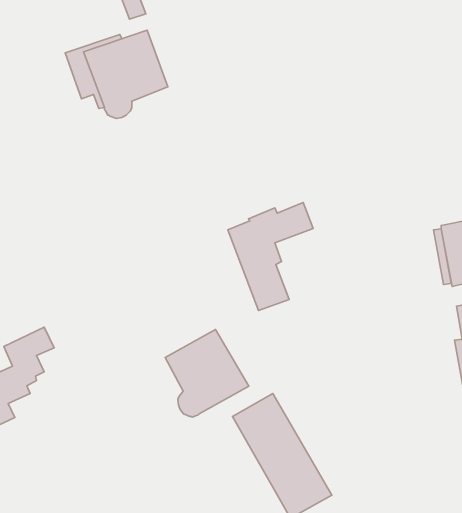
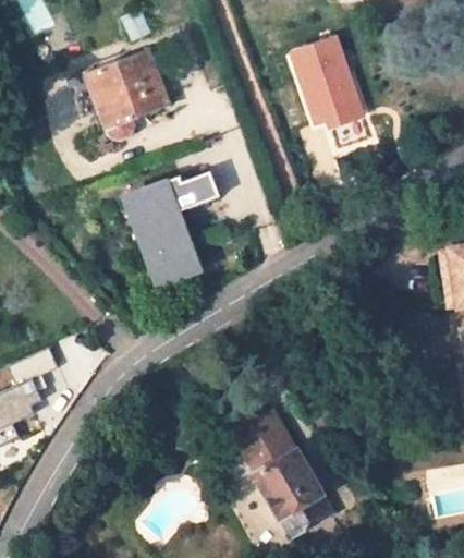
building: none -> [297,40,374,150]
building: [228,202,313,310] -> [135,170,220,278]
building: [165,329,249,417] -> none

